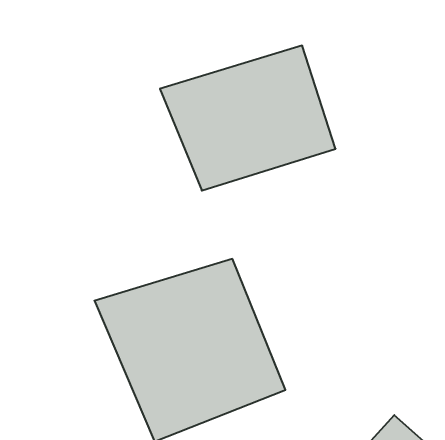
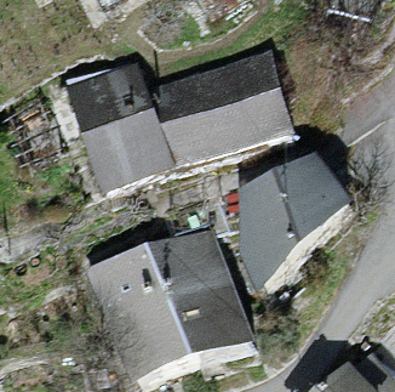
building: none -> [70,56,178,193]
building: none -> [234,157,351,297]

